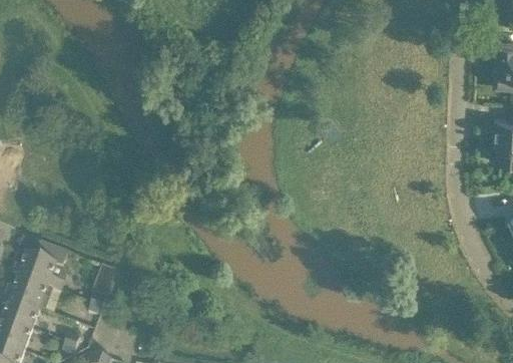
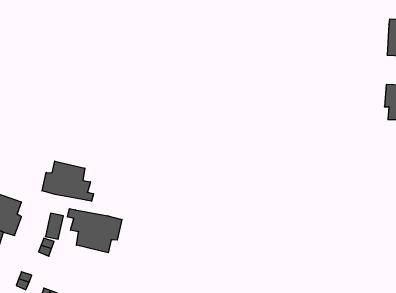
building: none -> [42,161,94,201]
building: none -> [67,209,122,253]

